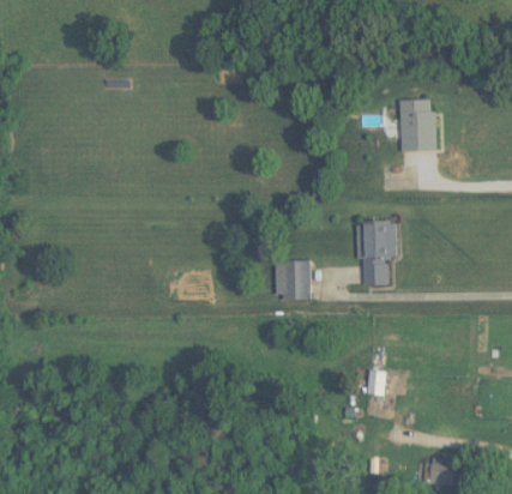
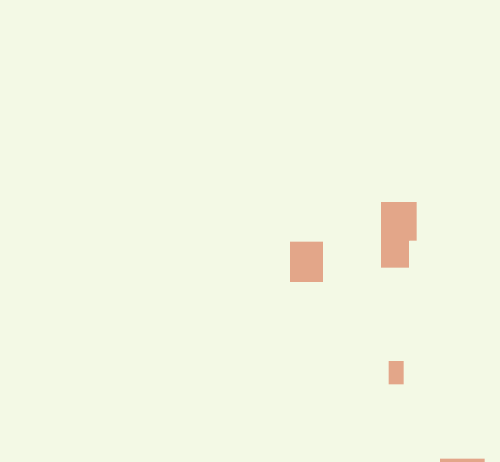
building: [399,98,435,151] -> none

